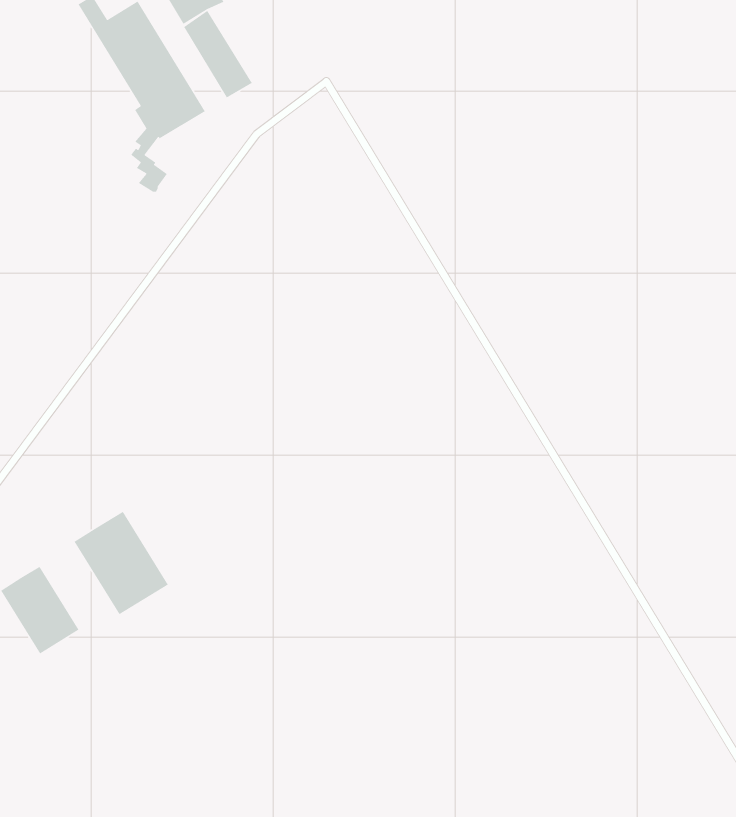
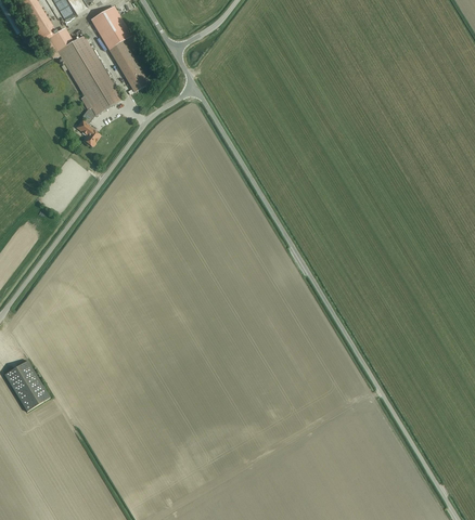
building: [74,511,169,615] -> none

